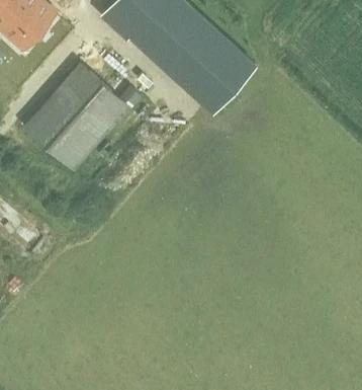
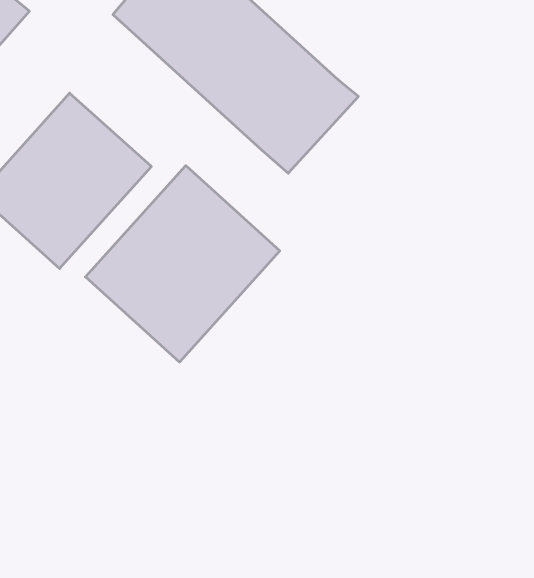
building: none -> [85,166,280,362]

